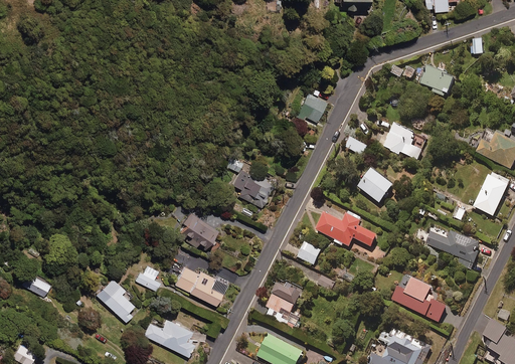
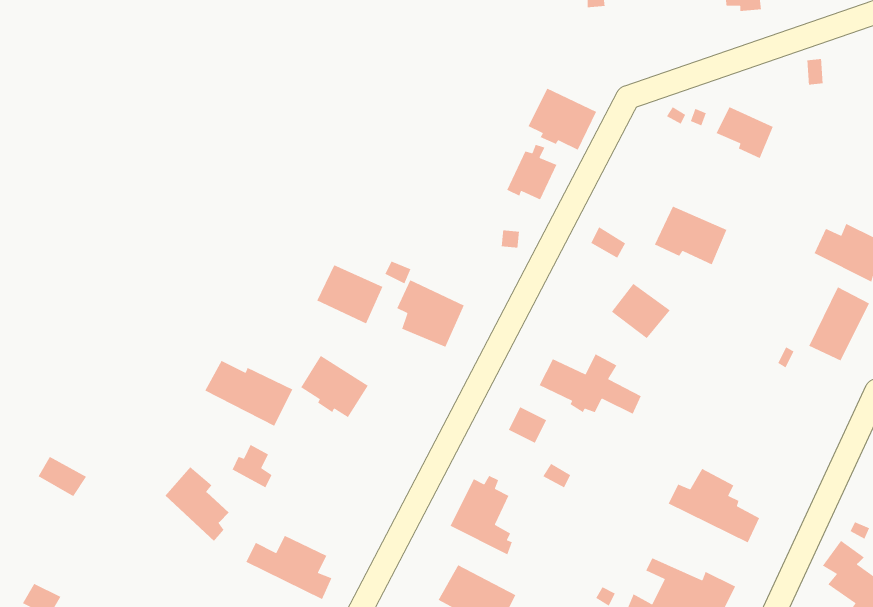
building: none -> [528,87,597,151]
building: none -> [316,264,383,324]
building: [426,231,479,267] -> none
building: [175,264,227,304] -> [204,360,293,427]

